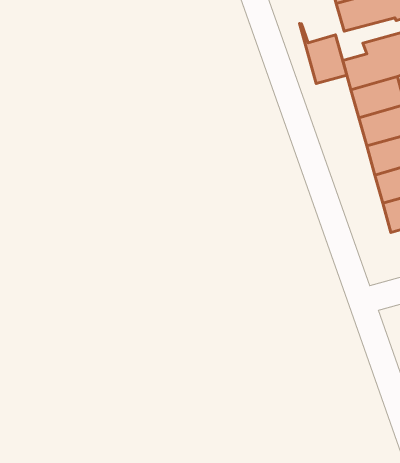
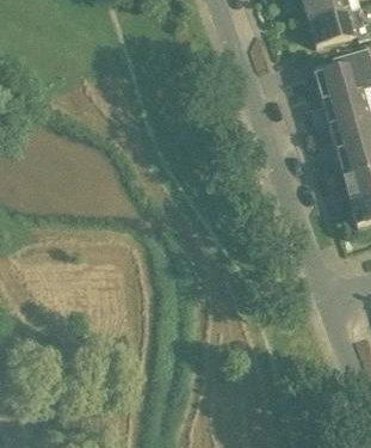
building: [300,24,347,84] -> none

